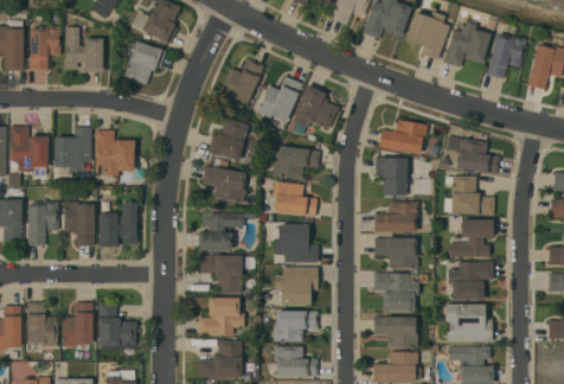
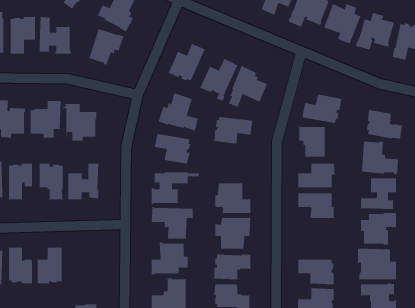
building: [273,181,316,216] -> none
building: [372,271,418,312] -> none
building: [97,301,143,350] -> none

